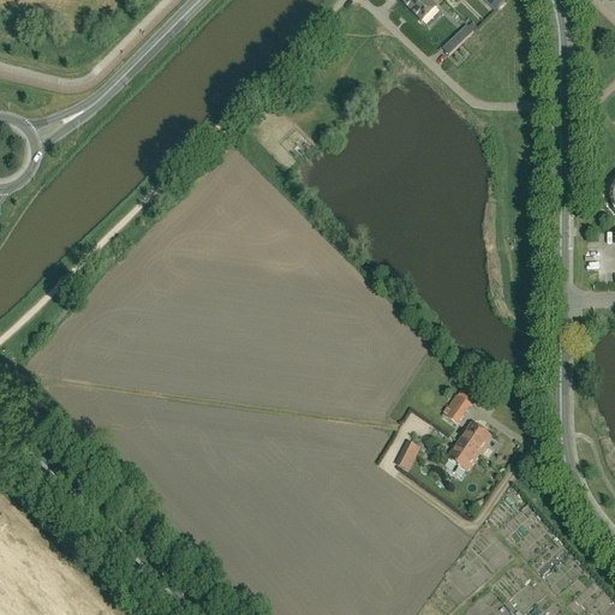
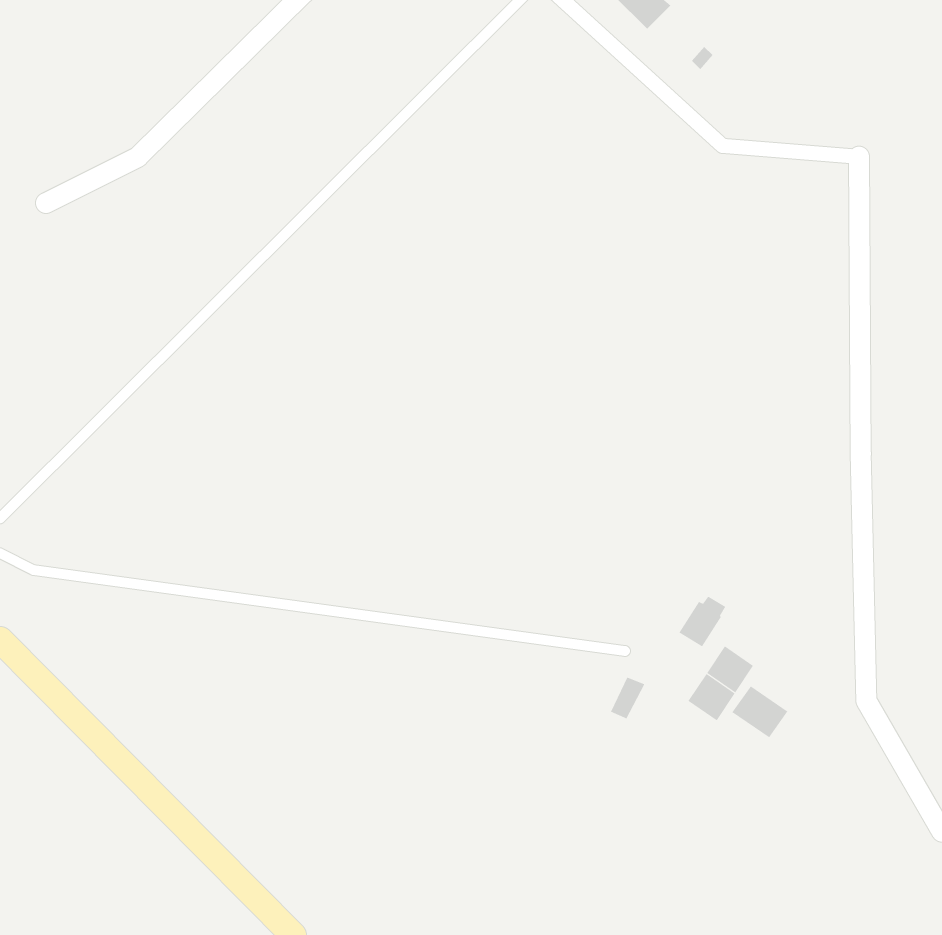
building: none -> [731,685,788,738]

